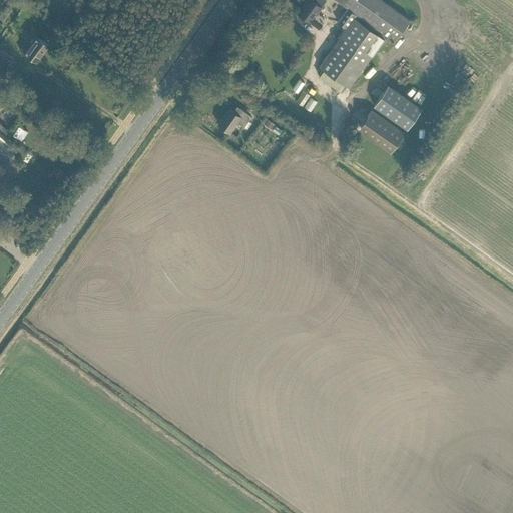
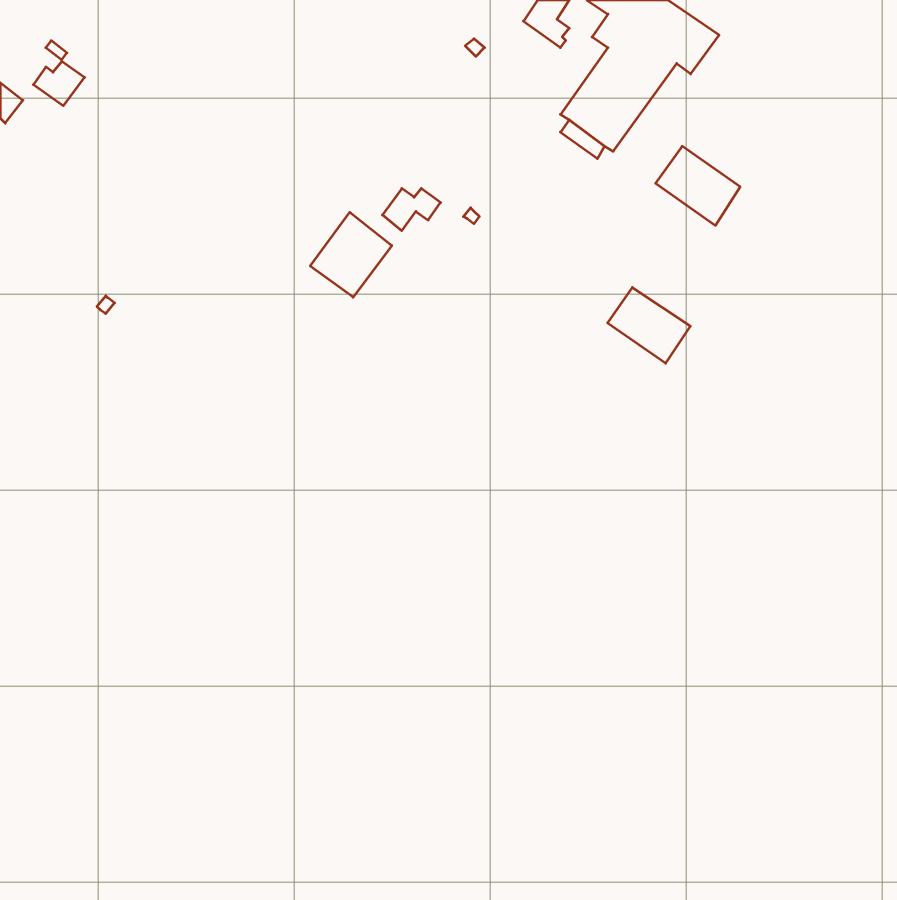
building: [359,109,406,152] -> [608,287,690,363]
building: none -> [310,212,392,297]

